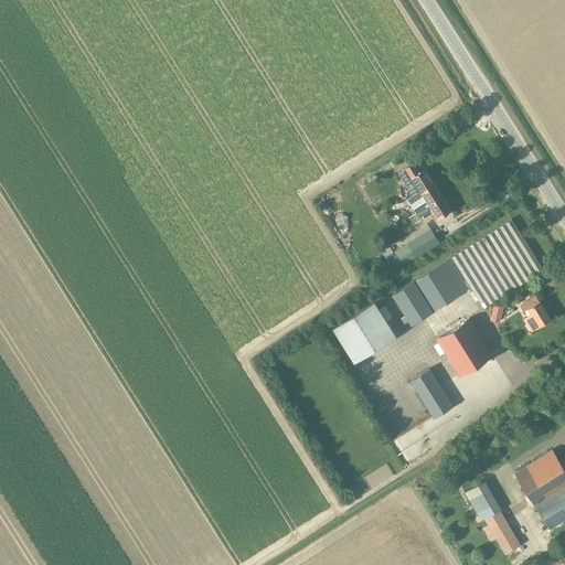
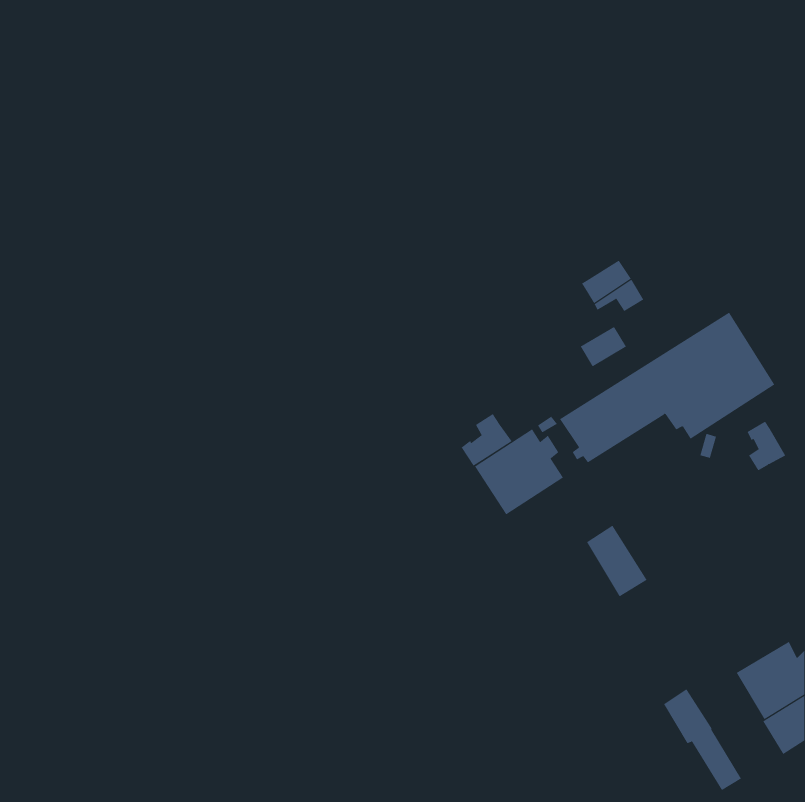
building: [398,166,434,199] -> none
building: none -> [461,413,512,467]
building: [436,320,492,377] -> none

